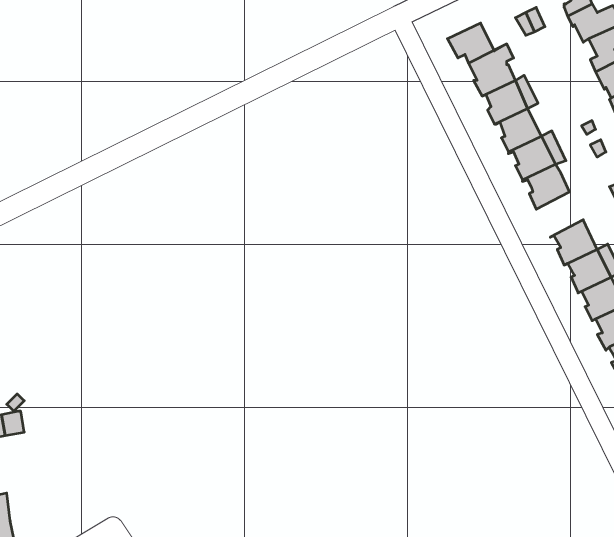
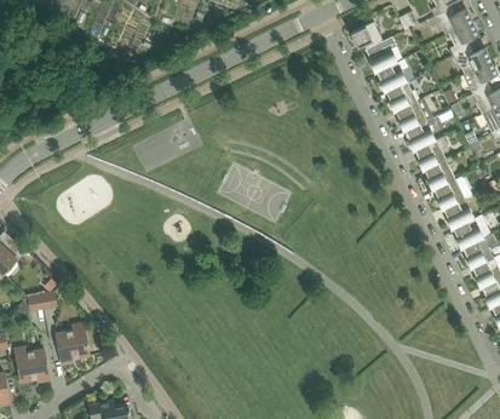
building: none -> [412,136,447,171]
building: none -> [54,328,88,365]

